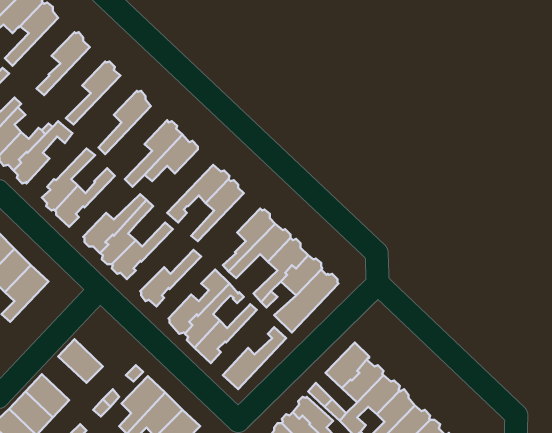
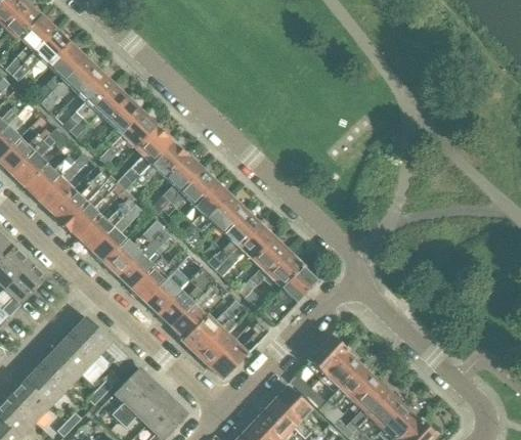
building: none -> [12,30,71,81]
building: none -> [42,57,99,108]
building: none -> [70,84,129,137]
building: none -> [107,113,158,156]
building: none -> [26,146,82,199]
building: none -> [150,153,201,213]
building: none -> [66,178,118,235]
building: none -> [186,194,245,247]
building: none -> [120,228,176,287]
building: none -> [147,254,203,312]
building: none -> [199,304,248,365]
building: none -> [71,316,113,357]
building: none -> [40,348,82,389]

